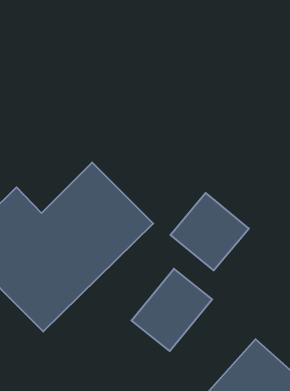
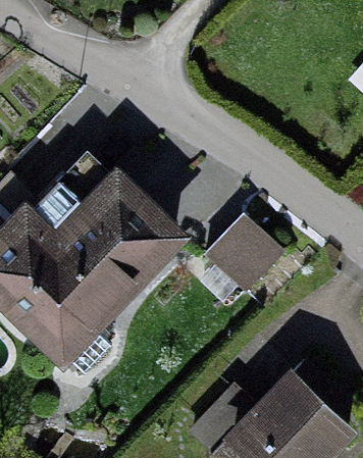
building: [131,269,212,351] -> none

